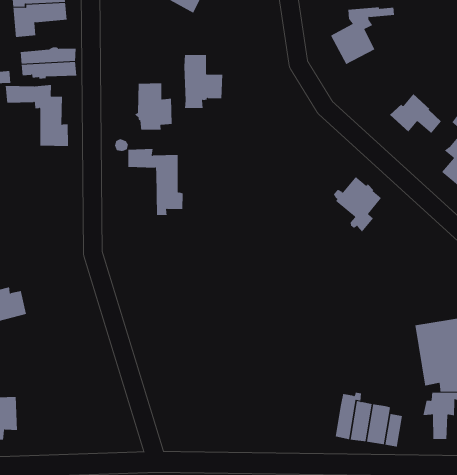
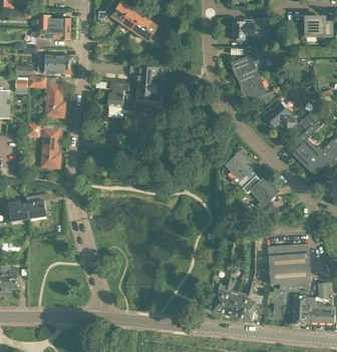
building: none -> [239,73,274,103]
building: [128,149,183,216] -> [26,123,59,166]
building: none -> [249,175,279,213]
building: none -> [26,193,50,218]

